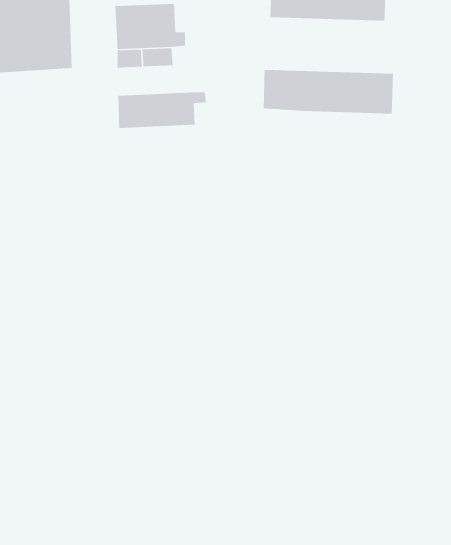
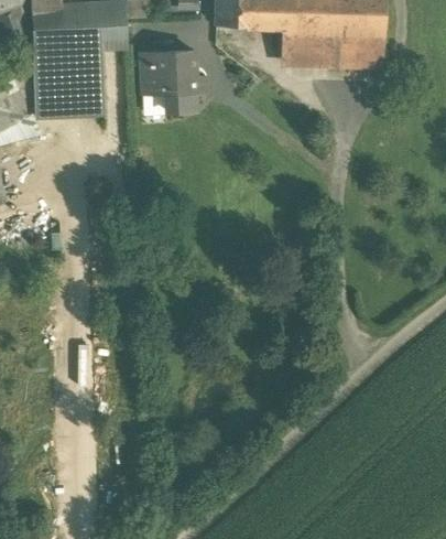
building: [263,69,394,114] -> none
building: [118,92,207,129] -> none

